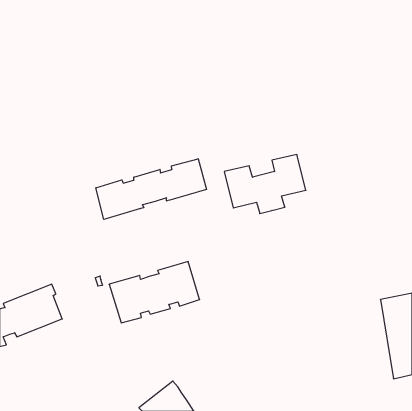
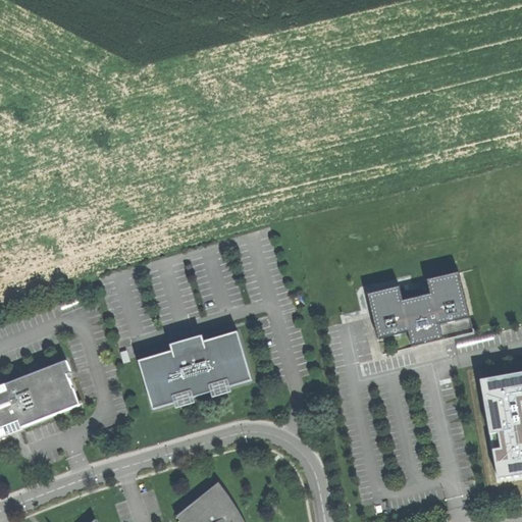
building: [224,155,306,214] -> [367,271,470,346]
building: [96,159,206,219] -> none

